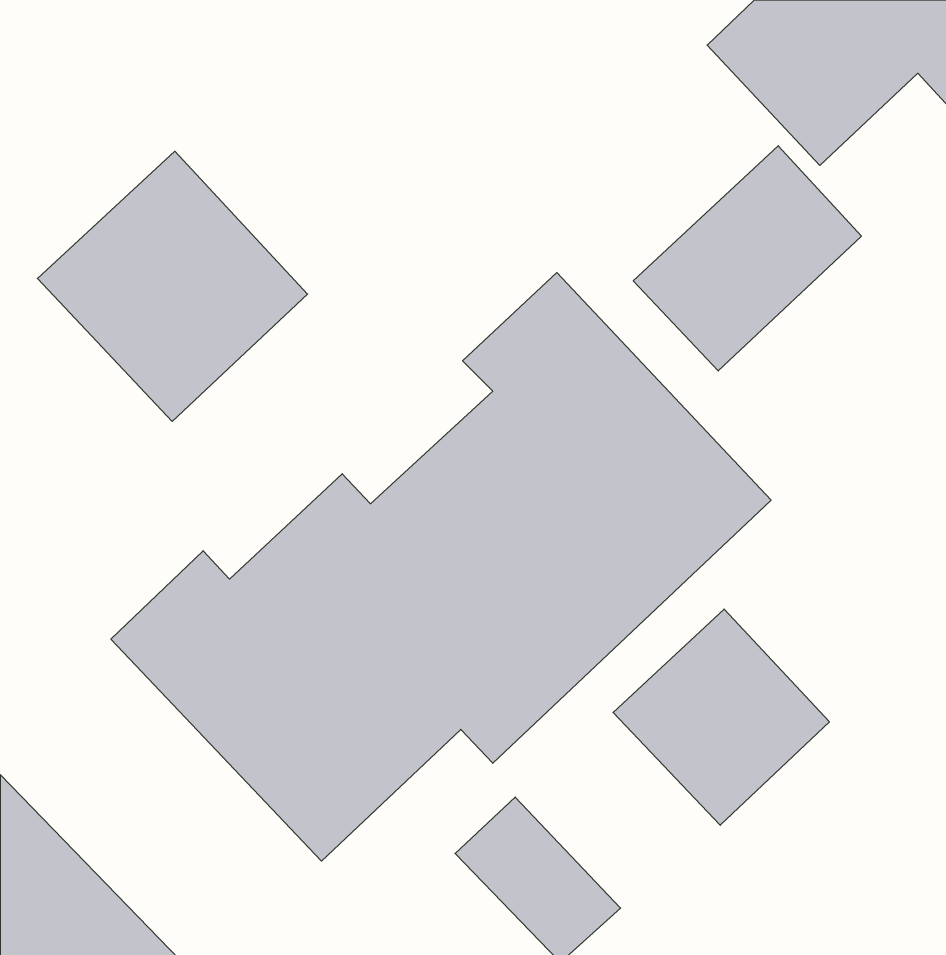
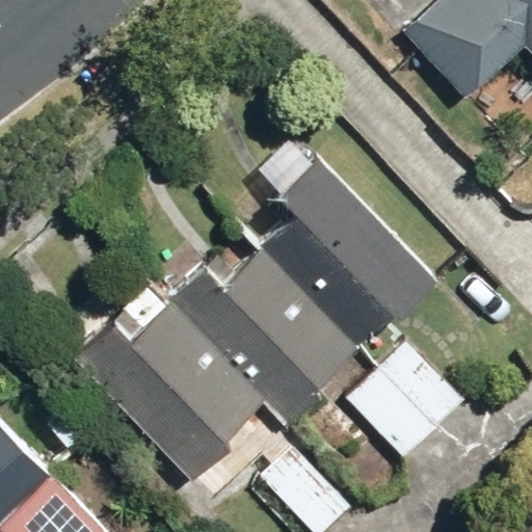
building: [633,146,861,371] -> none
building: [37,151,308,421] -> none

